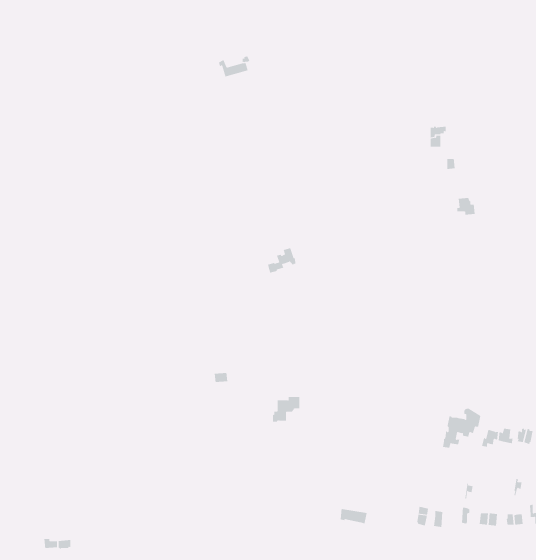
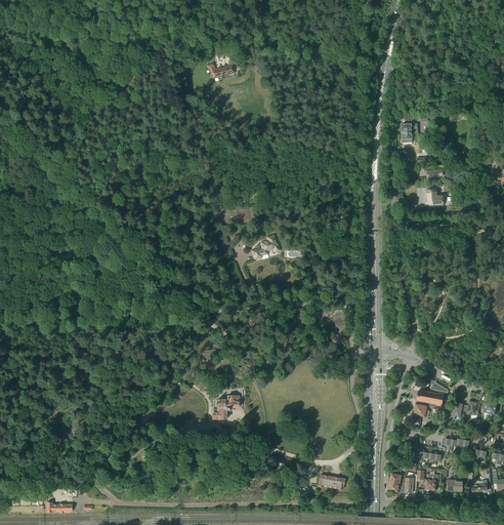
building: [272,397,300,422] -> [212,396,238,419]

